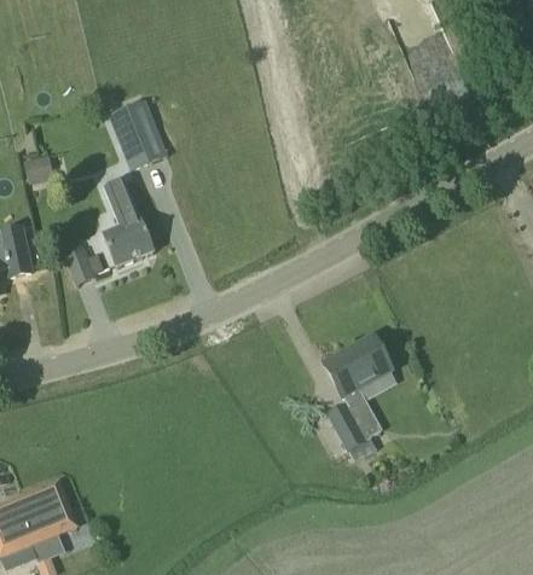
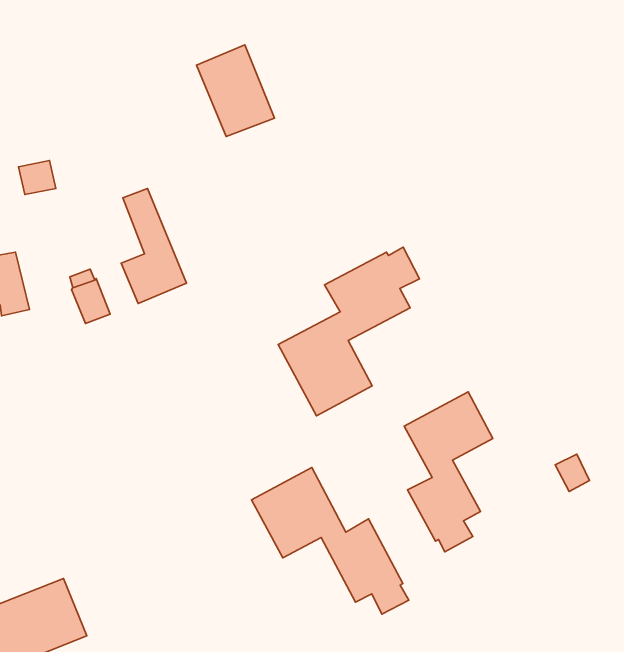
building: [109,97,169,168] -> [197,45,274,137]
building: none -> [278,247,420,416]
building: none -> [251,467,409,614]

